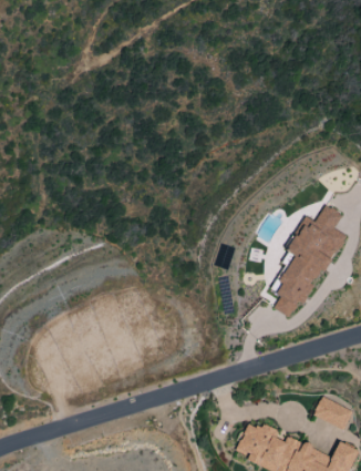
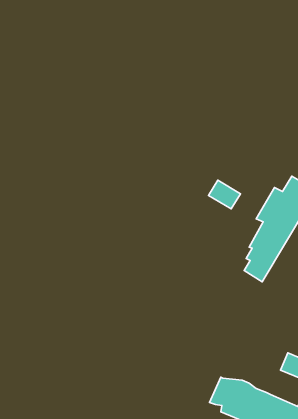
building: none -> [209,180,240,209]

